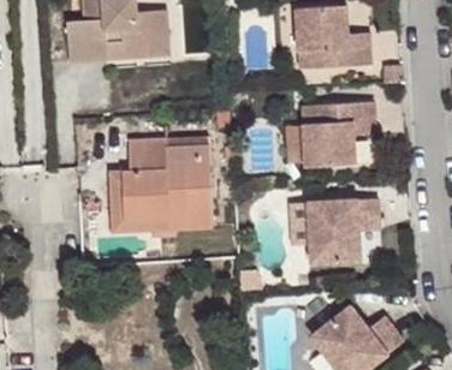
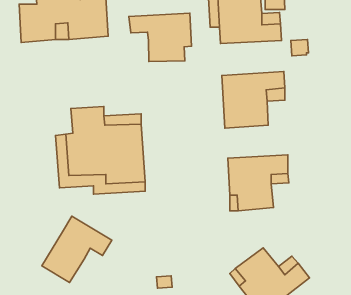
building: none -> [129,13,192,62]
building: none -> [42,216,112,282]

